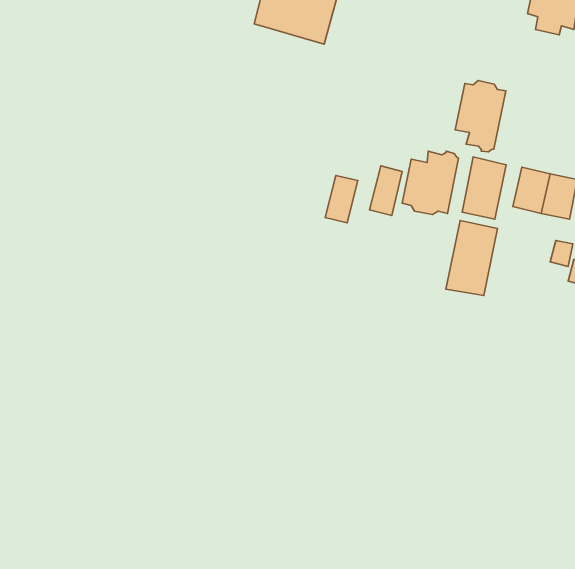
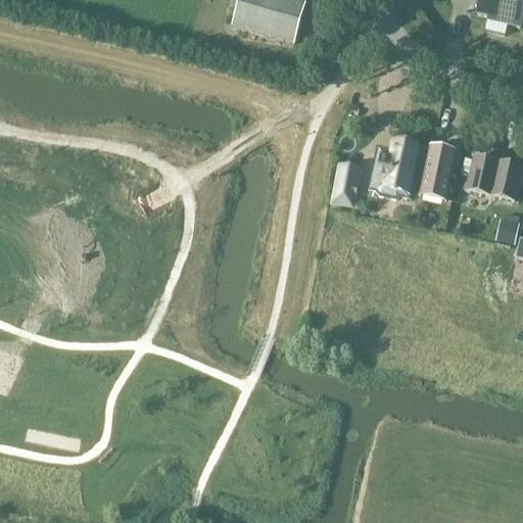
building: [455,80,506,152] -> none
building: [325,175,358,223] -> none
building: [446,221,498,296] -> none

